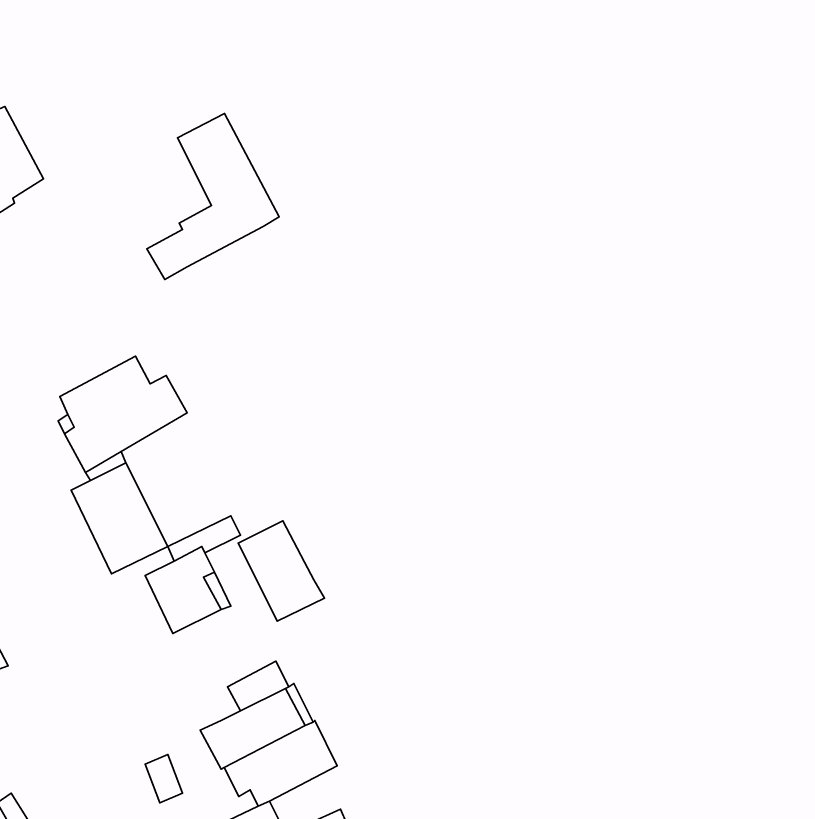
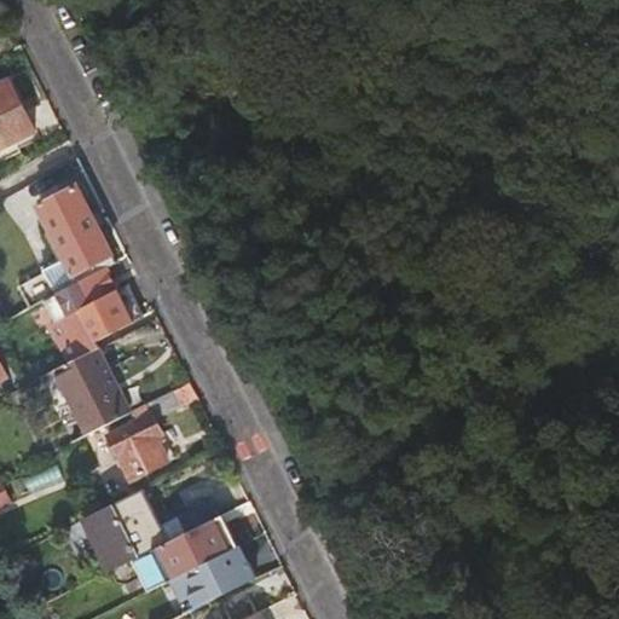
building: [147,114,279,280] -> [15,186,114,311]
building: [238,521,325,621] -> none
building: none -> [80,492,166,573]

